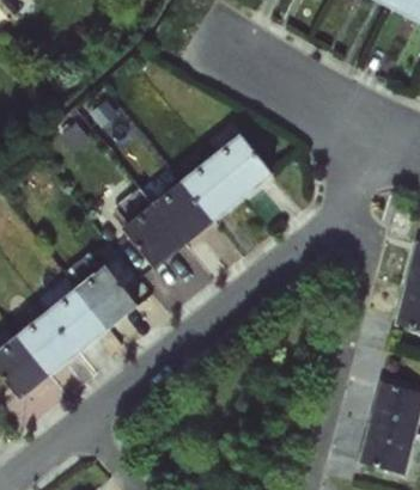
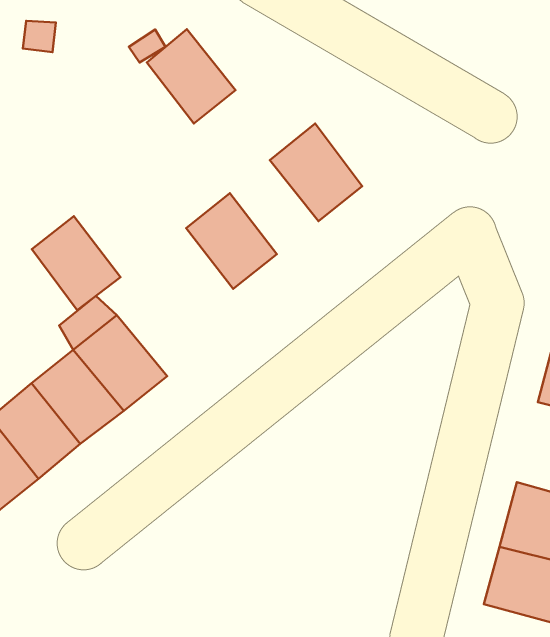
building: [182,158,243,222] -> [147,29,235,123]
building: [123,204,184,269] -> [32,216,121,310]

